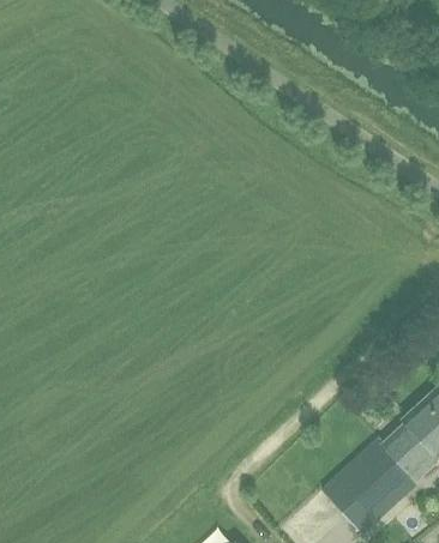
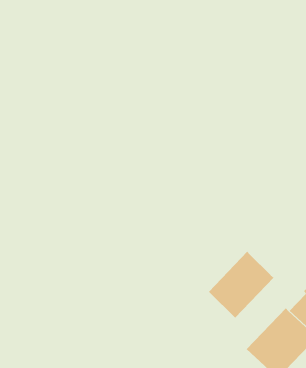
building: none -> [208,251,274,318]

